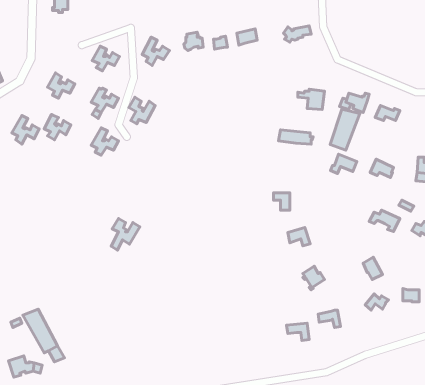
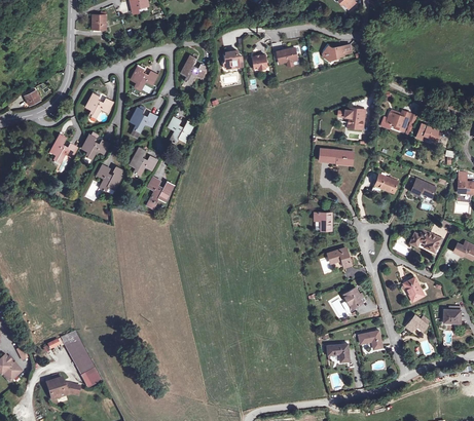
building: [330,109,360,150] -> none
building: none -> [97,164,123,191]
building: [111,219,140,250] -> [146,177,175,208]

